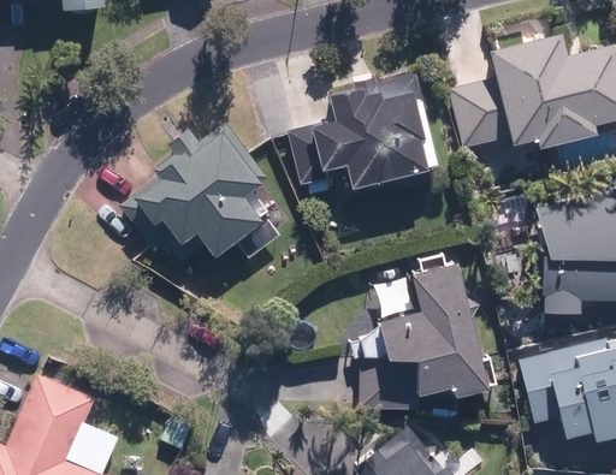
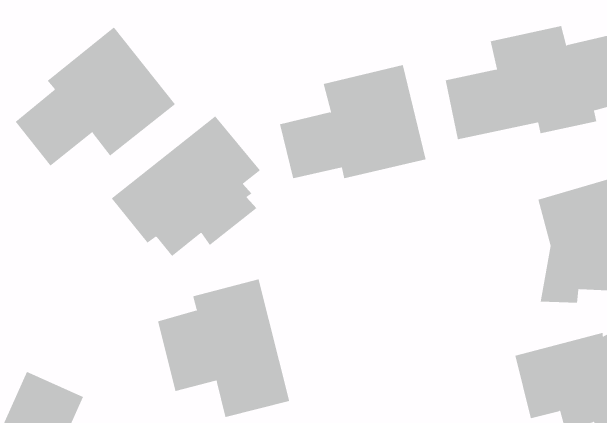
building: none -> [15,26,176,166]
building: [360,260,493,410] -> none
building: none -> [157,278,290,418]

